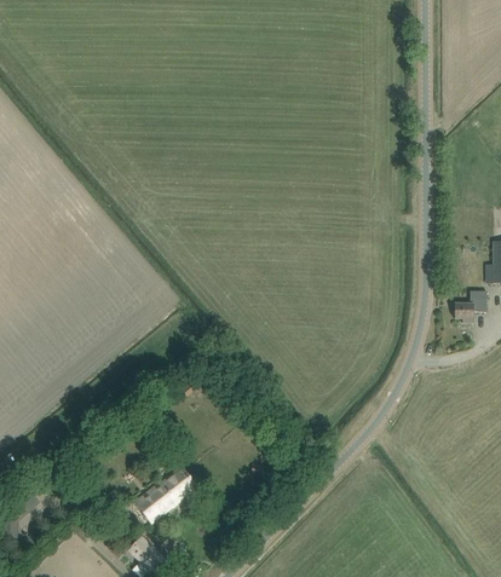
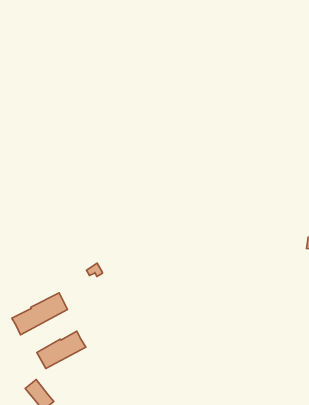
building: none -> [12,293,68,335]

